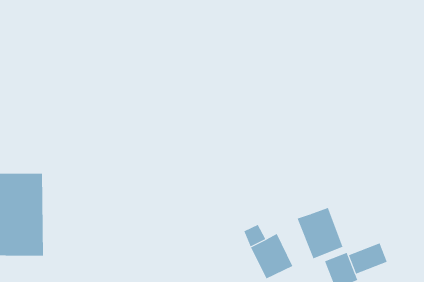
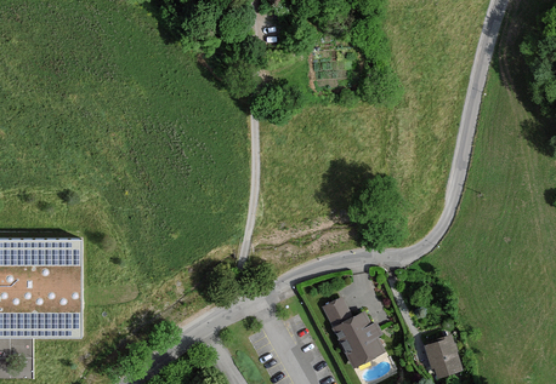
building: [297,207,343,259] -> none
building: [348,242,388,274] -> none

